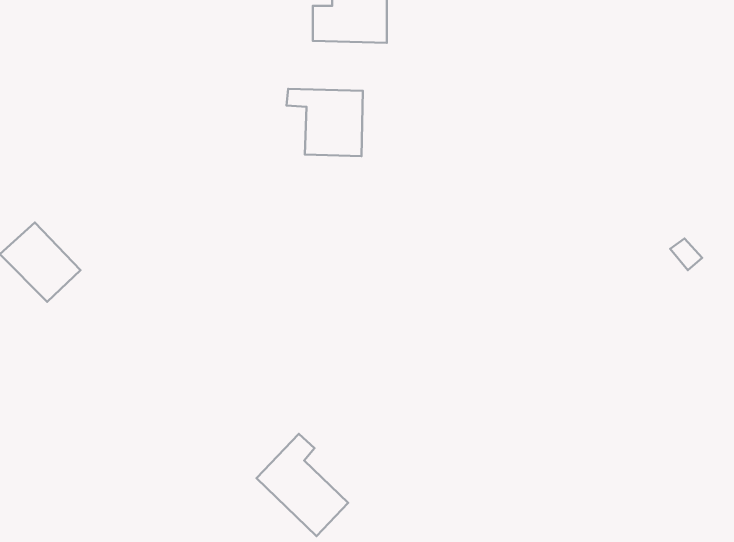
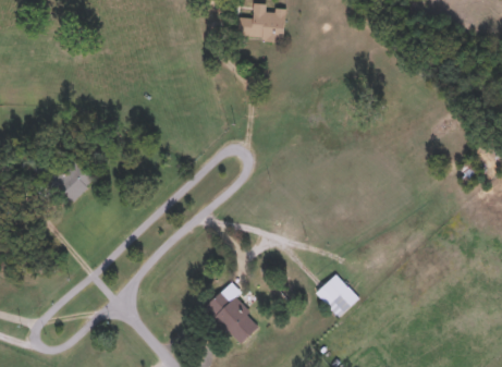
building: [287,89,363,156] -> none
building: none -> [315,273,358,317]

